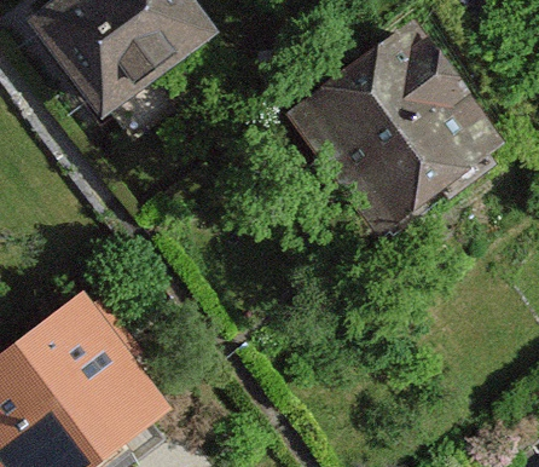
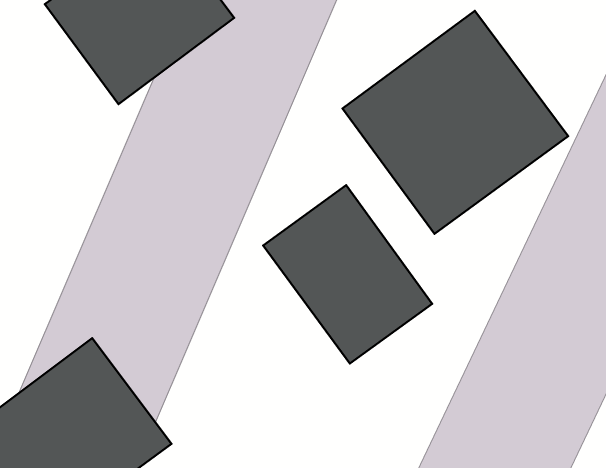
building: none -> [263,185,432,363]

